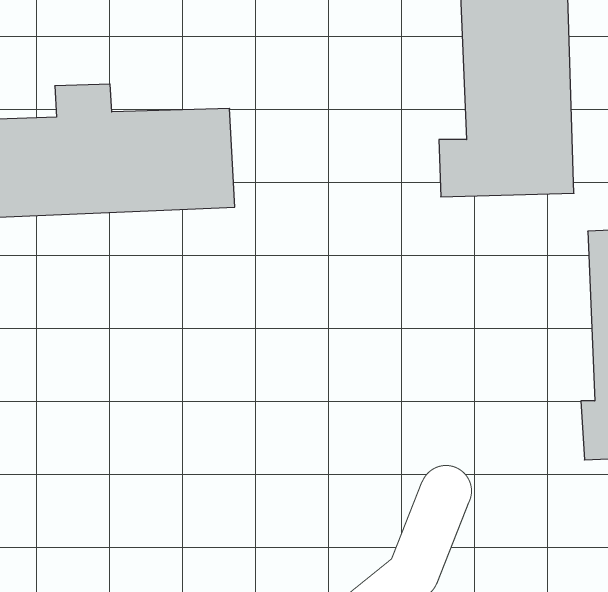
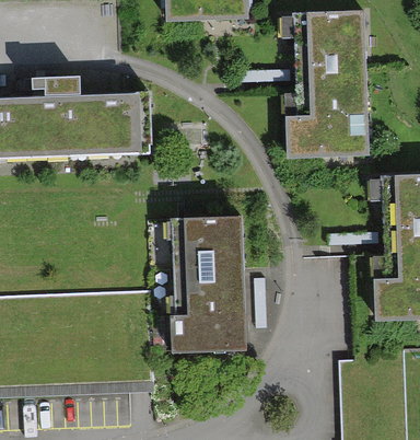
building: none -> [163,215,252,350]

